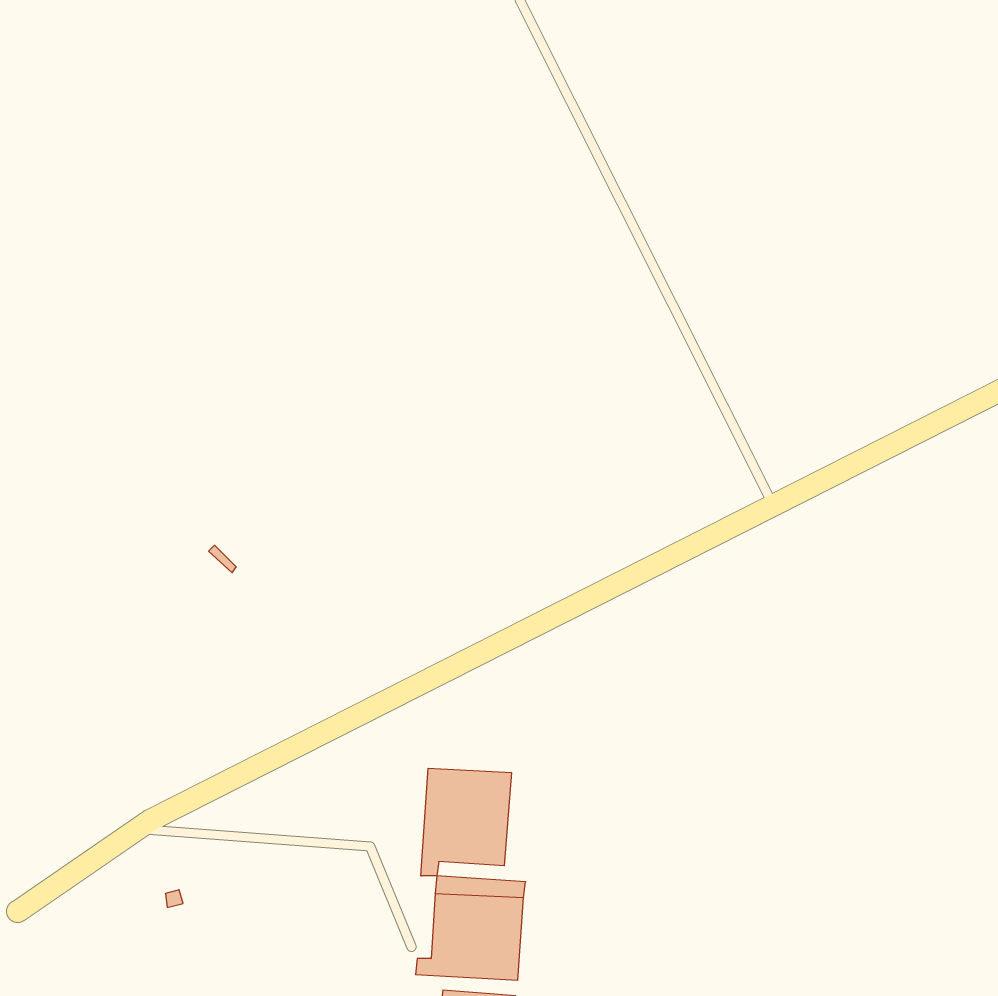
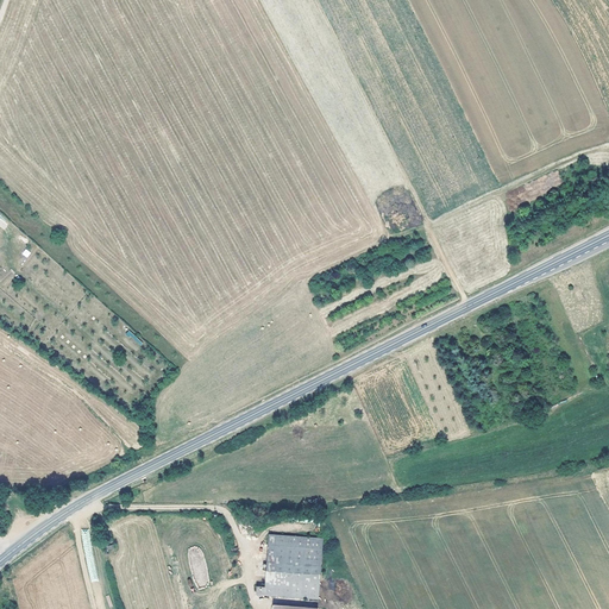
building: [421,768,512,876] -> none

